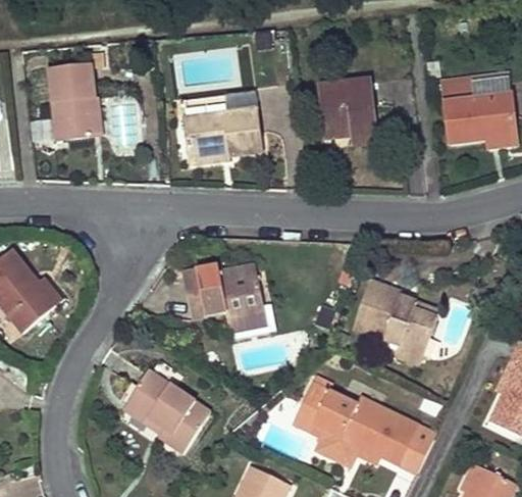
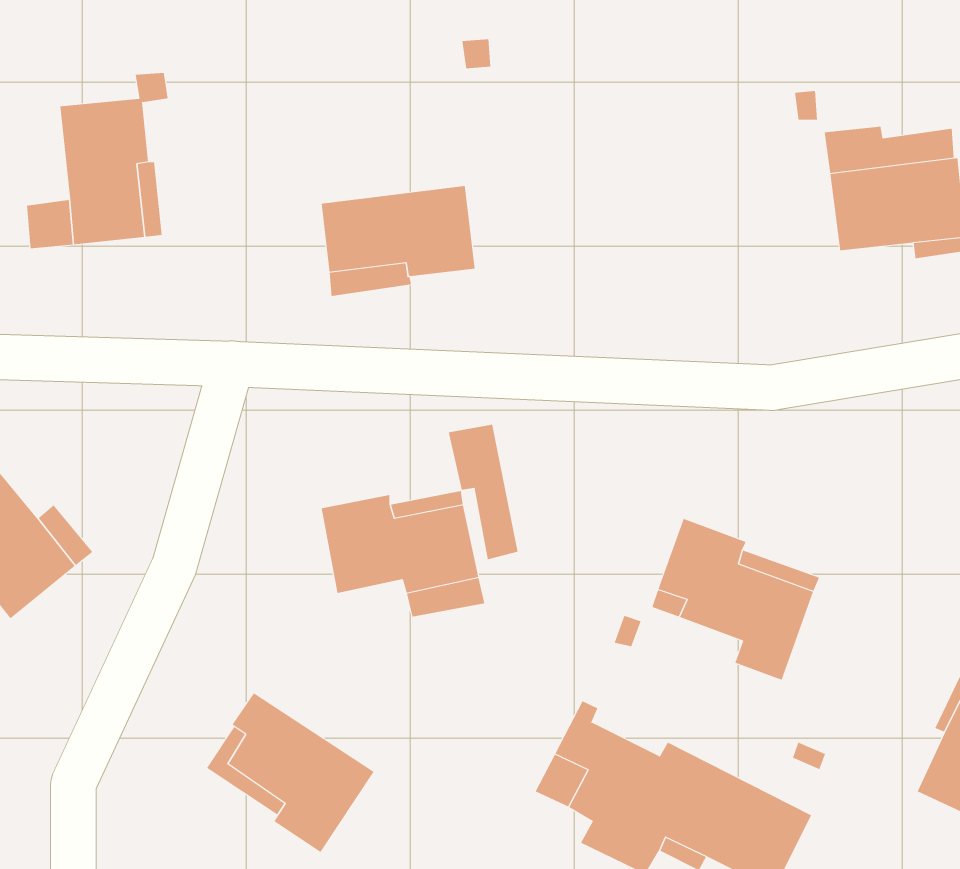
building: [317,79,378,143] -> none
building: none -> [448,424,518,560]

